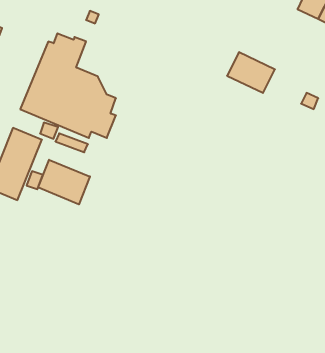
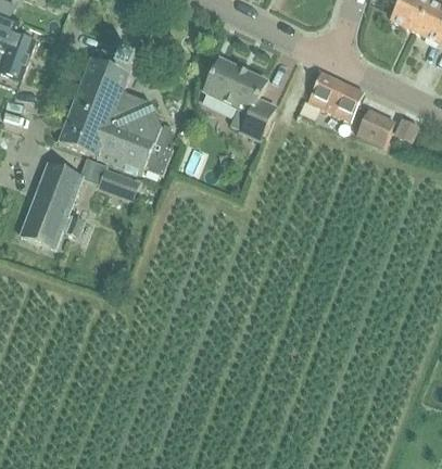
building: none -> [203,58,274,140]
building: none -> [356,110,394,147]
building: [38,160,90,204] -> none

